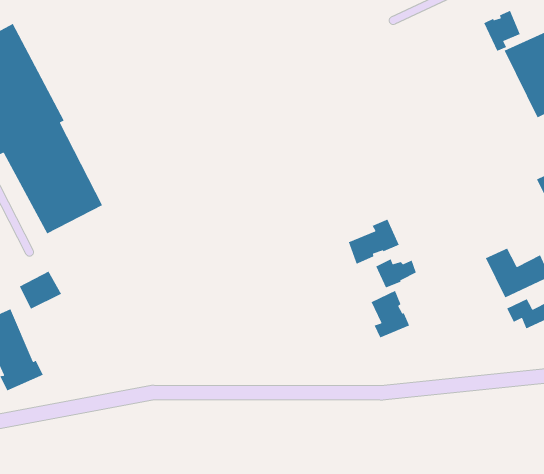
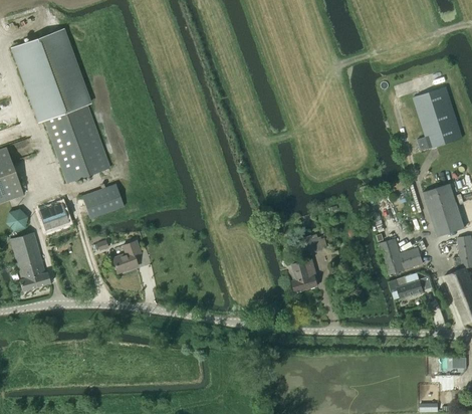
building: [483,10,521,52] -> none
building: [348,218,400,265] -> none
building: none -> [81,184,124,219]
building: none -> [112,239,141,272]

